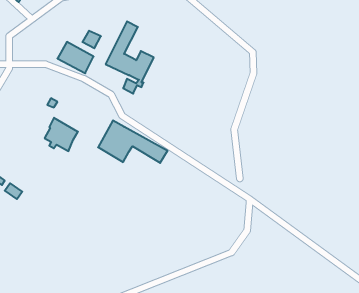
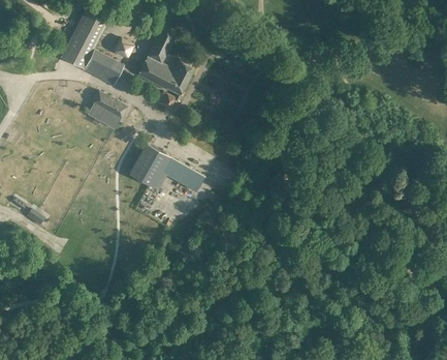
building: none -> [61,12,108,70]
building: [45,118,78,151] -> [87,92,124,129]

